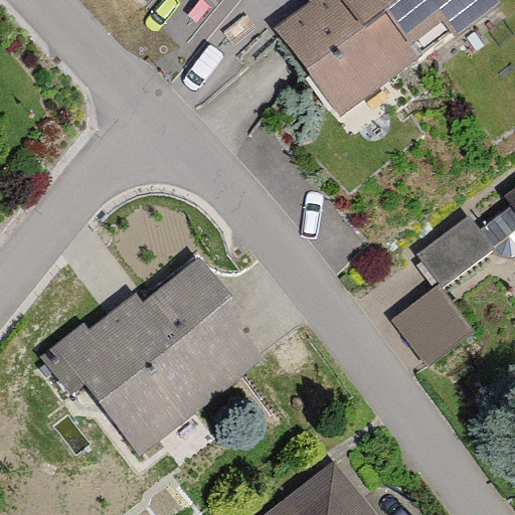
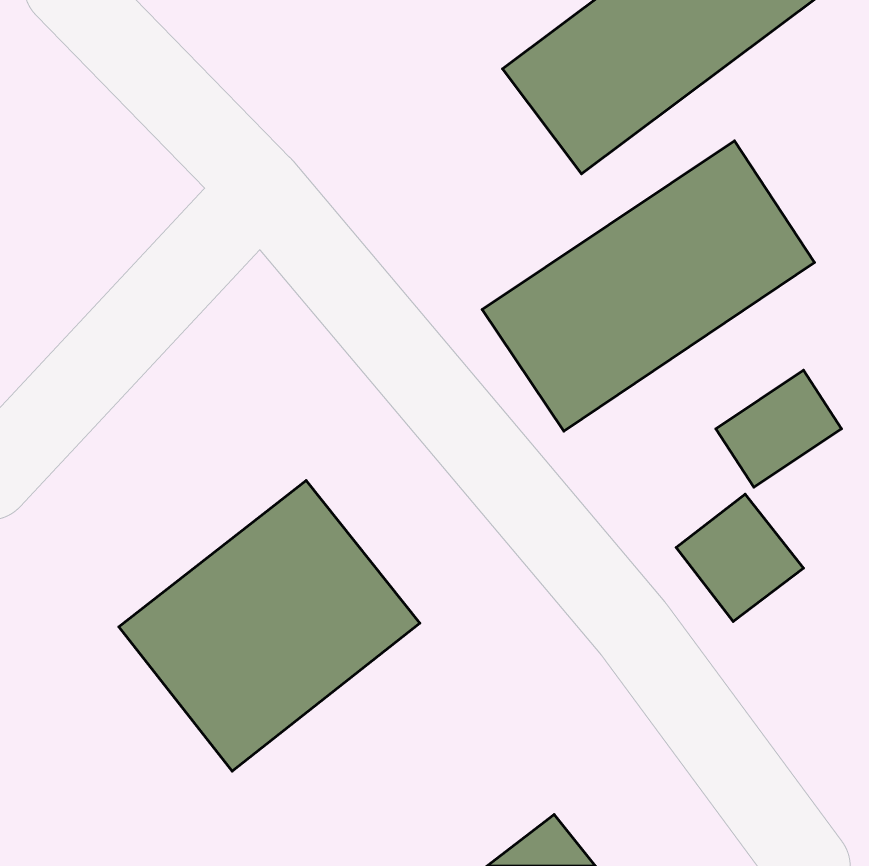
building: none -> [482,141,815,431]

